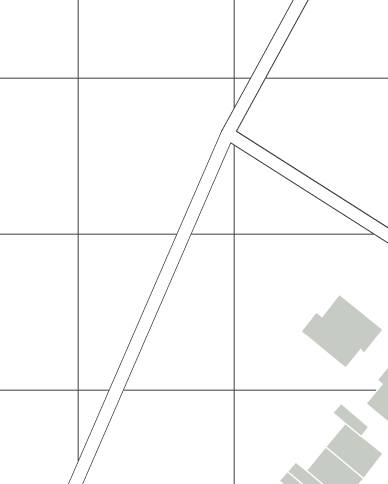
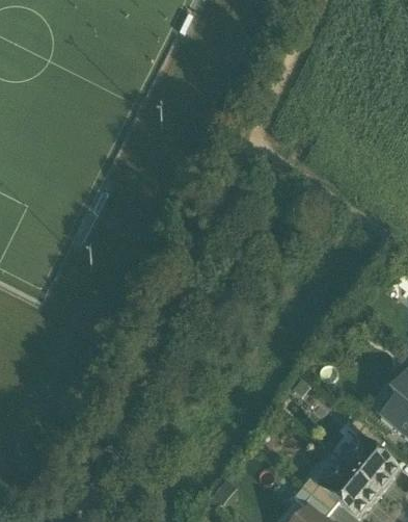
building: [301,294,383,368] -> none

